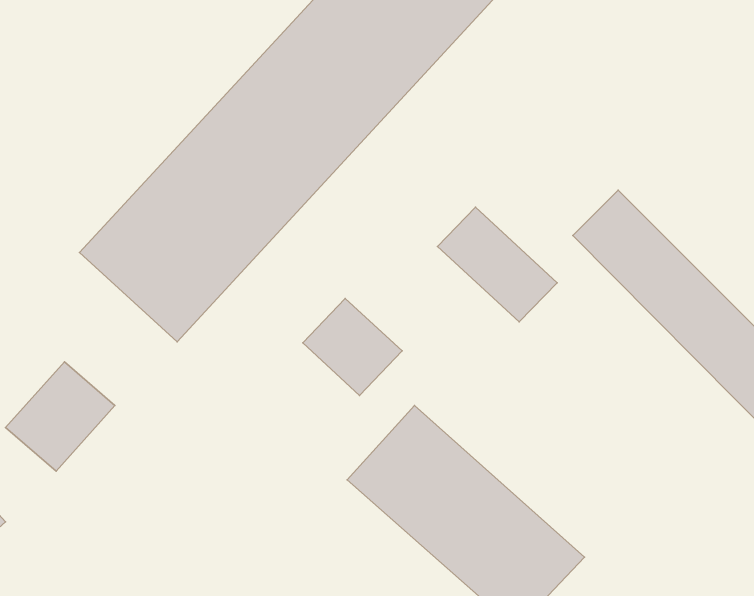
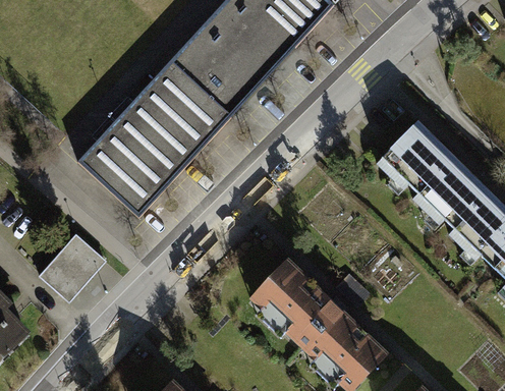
building: [437,207,557,322] -> none
building: [303,298,402,395] -> none

